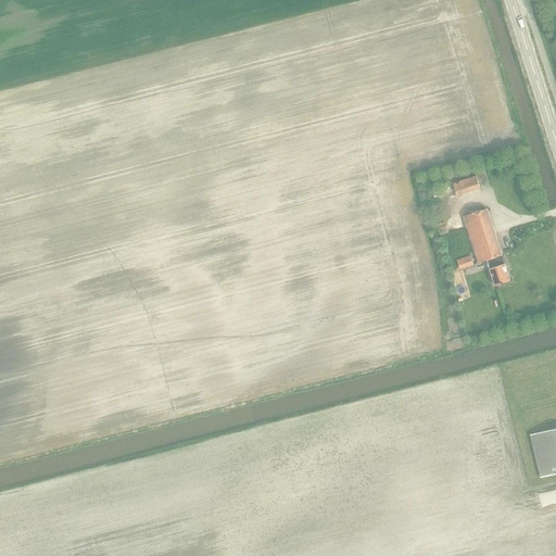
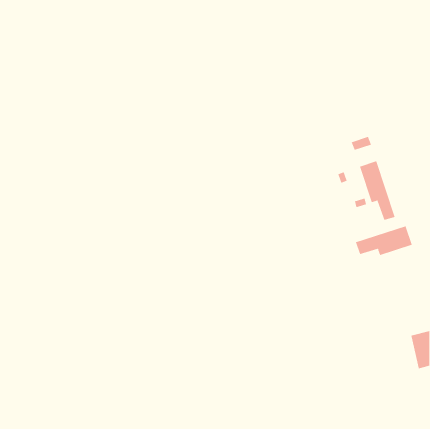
building: none -> [355,225,412,256]

